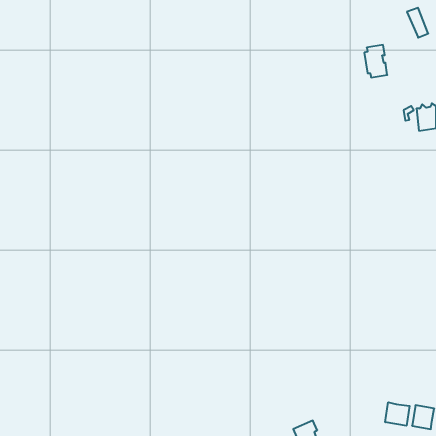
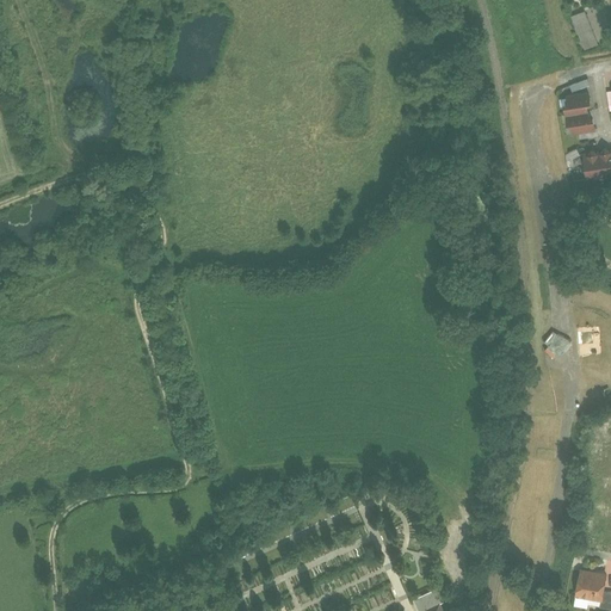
building: [364,45,387,77] -> [562,91,594,136]
building: [385,402,410,426] -> none

